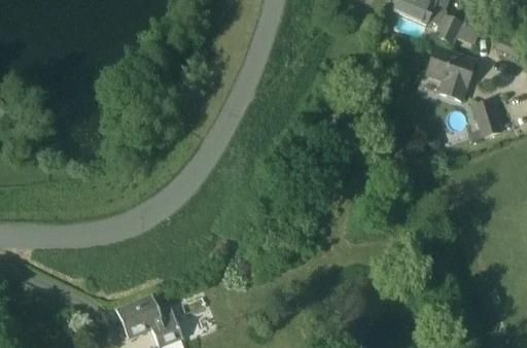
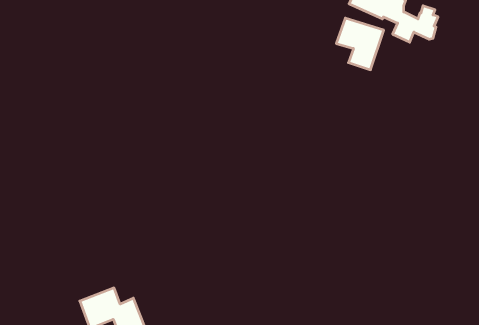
building: [425,46,473,99] -> [336,18,384,70]
building: [471,99,499,137] -> none

